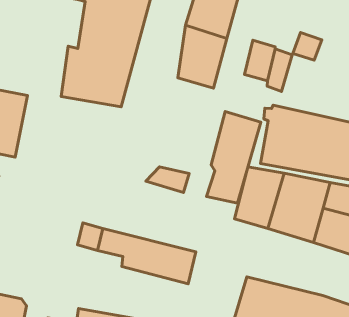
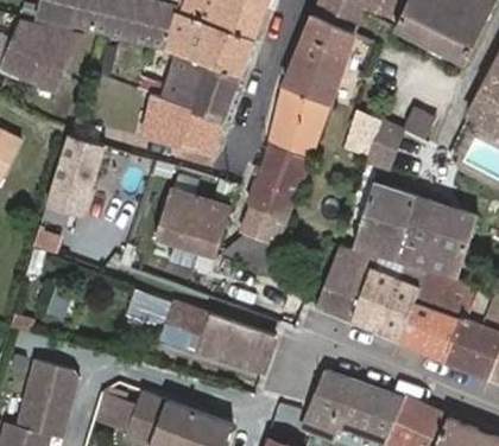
building: [207,112,261,203] -> [240,144,308,246]
building: none -> [153,195,229,260]

